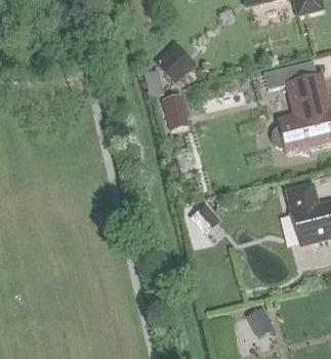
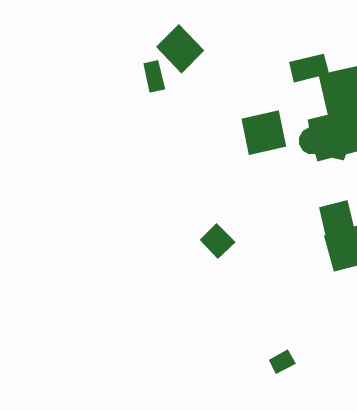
building: [162,94,188,130] -> none
building: none -> [241,109,287,156]

